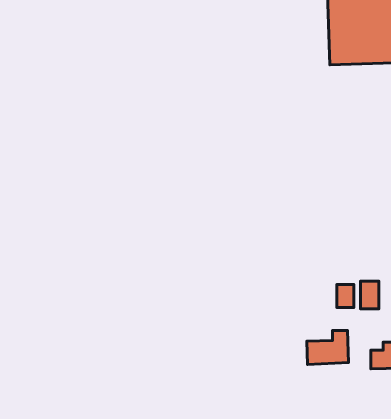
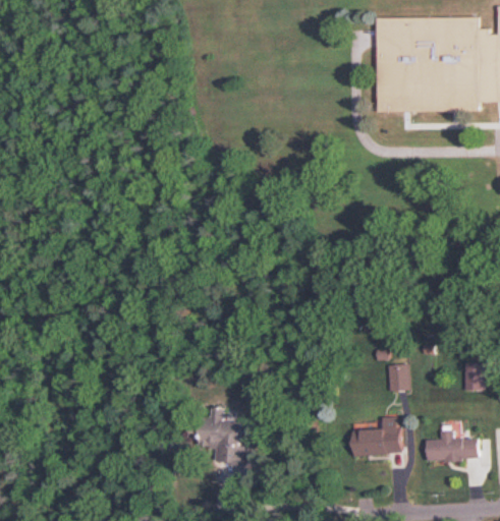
building: [360,281,379,309] -> none
building: none -> [199,405,242,463]

